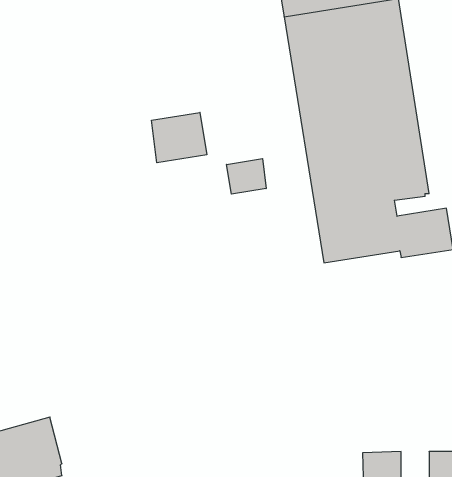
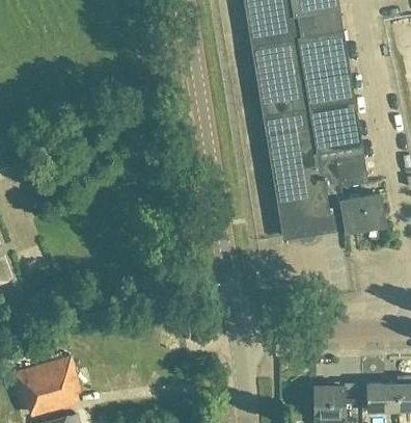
building: [152,112,207,163] -> none
building: [227,159,266,194] -> none

